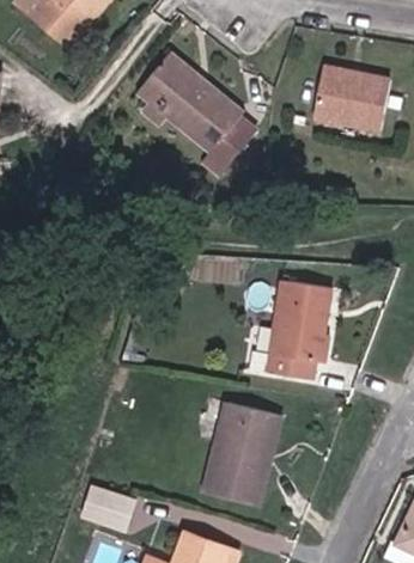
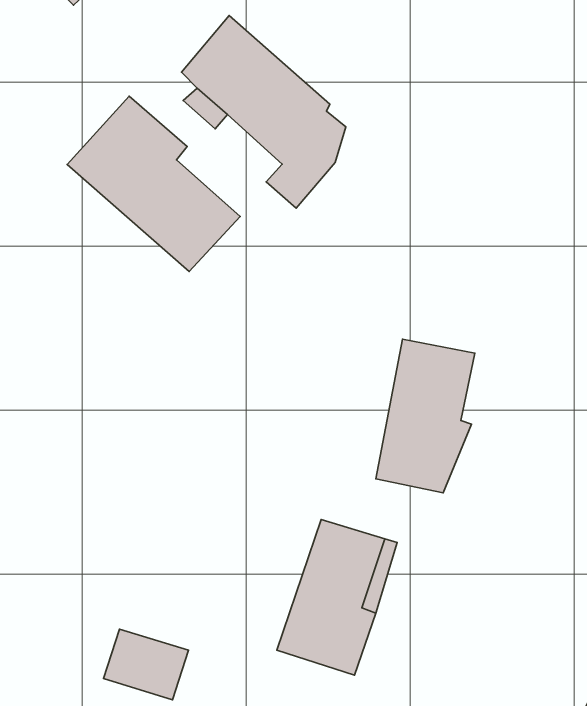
building: [319,77,391,136] -> none
building: none -> [67,96,240,271]

